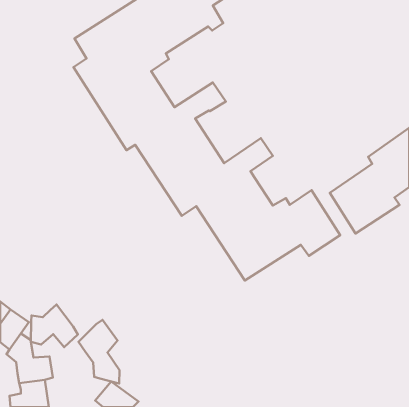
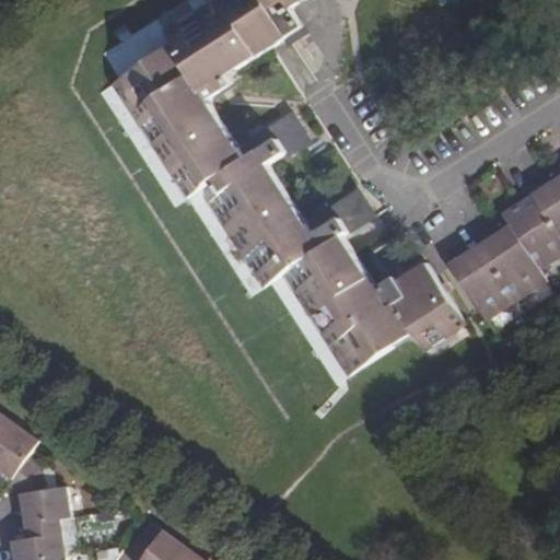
building: [31,304,78,347] -> none
building: [78,320,120,383] -> none

